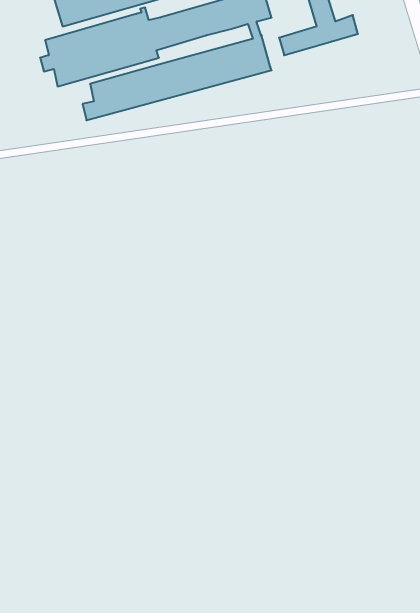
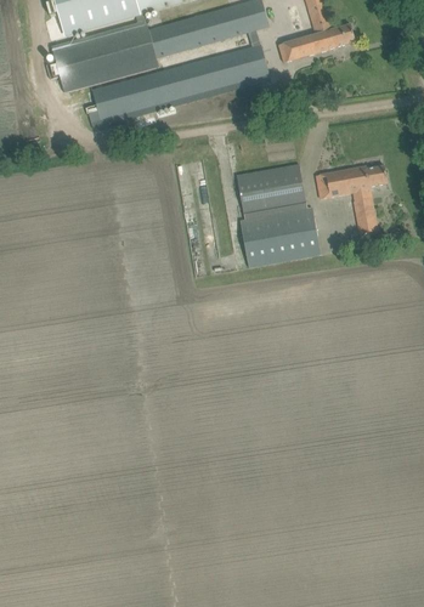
building: none -> [236,164,320,267]
building: none -> [315,165,386,233]

